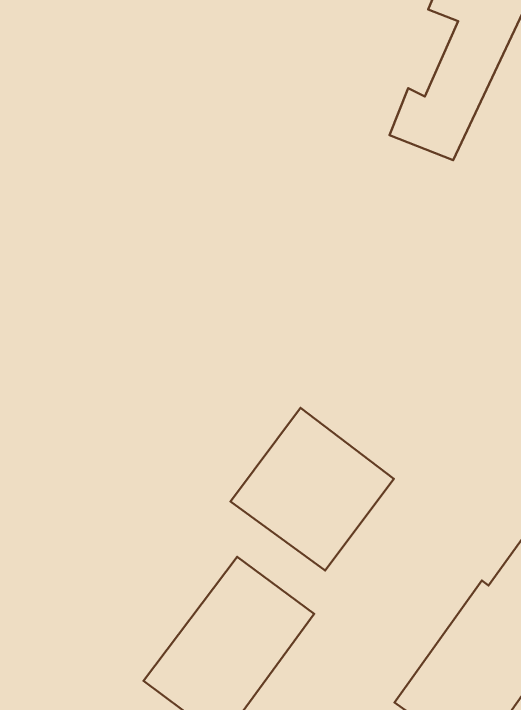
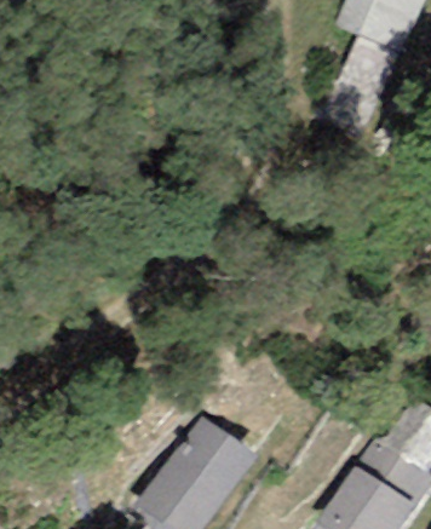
building: [231,408,394,570] -> none

